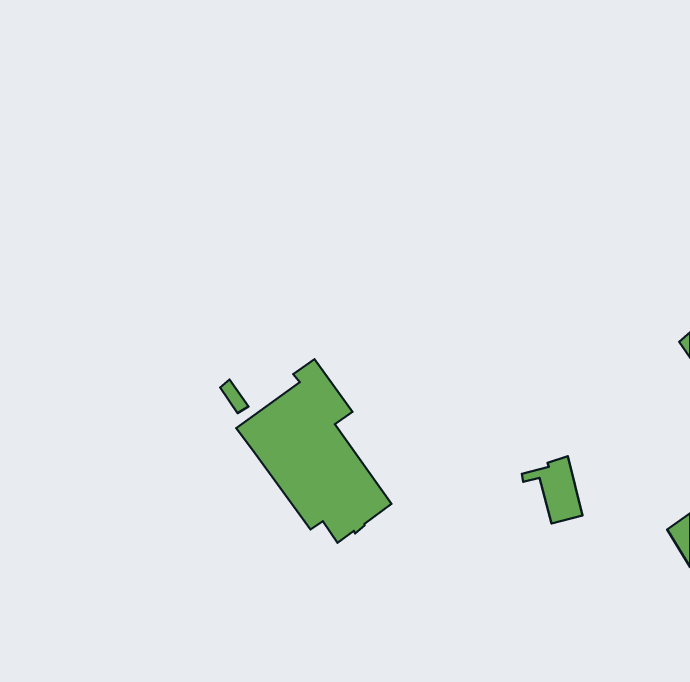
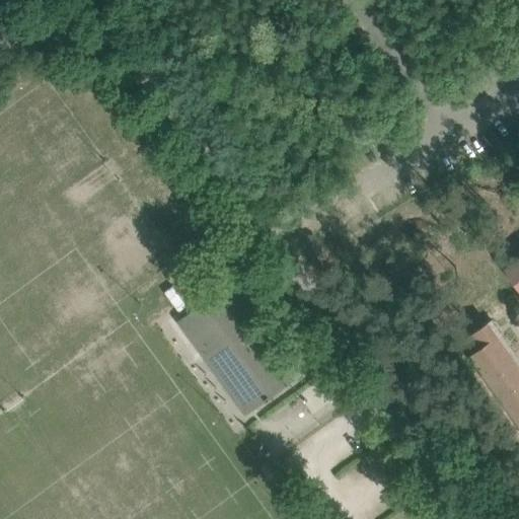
building: [522,456,583,524] -> [463,337,509,387]

